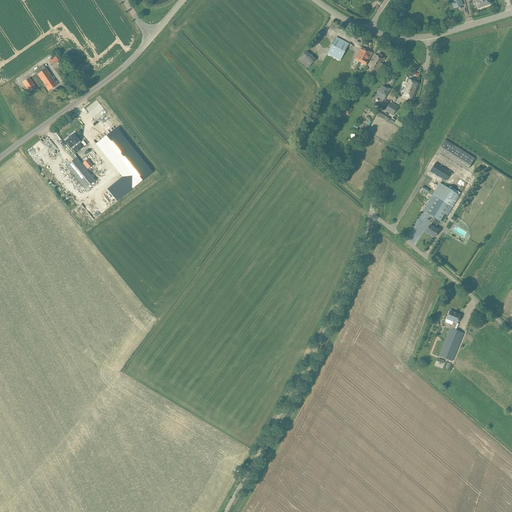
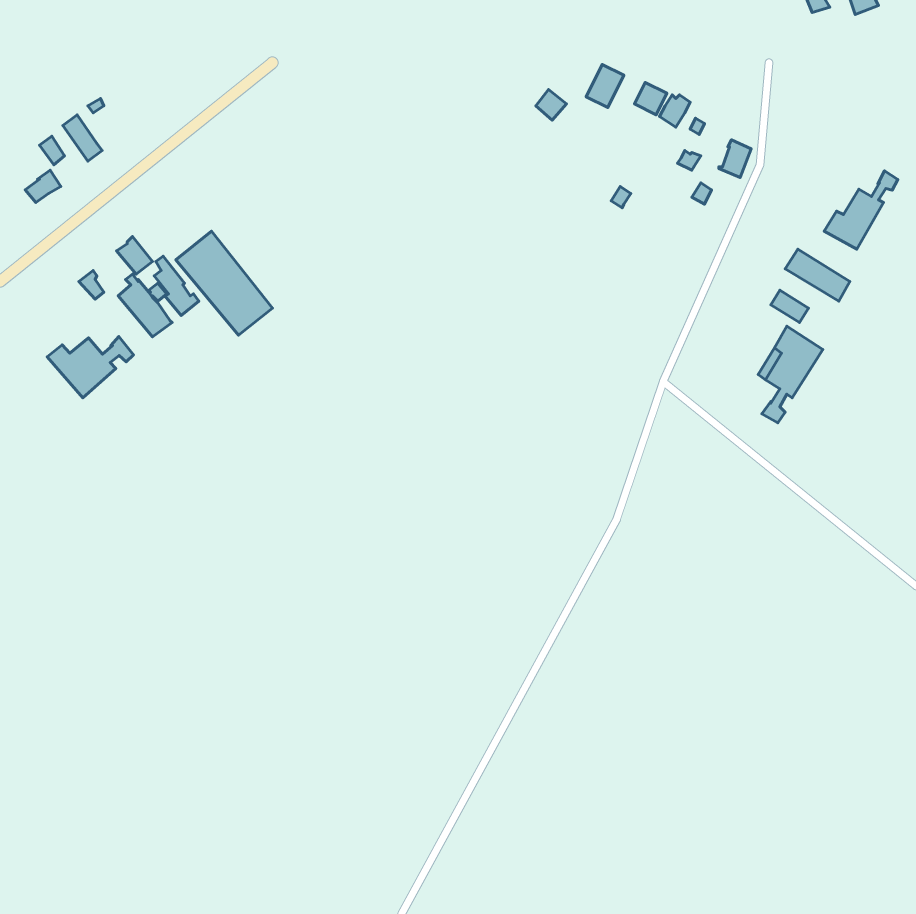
building: none -> [824,171,898,249]
building: none -> [47,337,133,398]
building: [439,310,463,360] -> none

